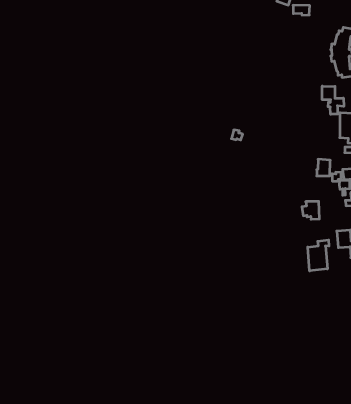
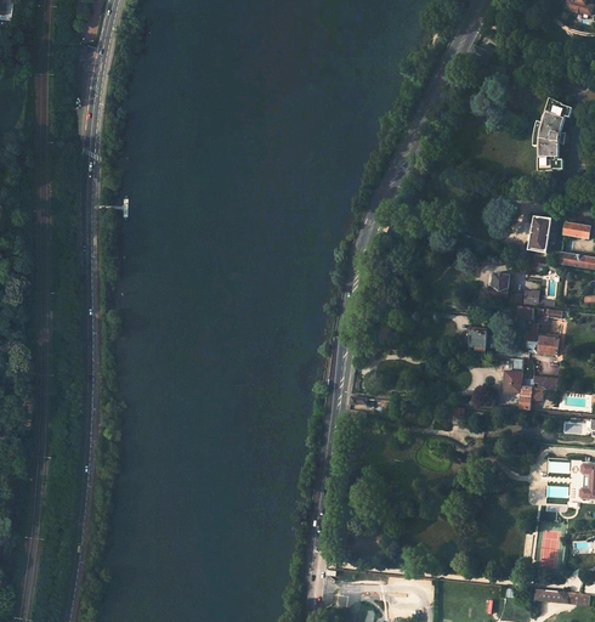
building: [322,86,344,114] -> none
building: [308,240,329,271] -> none

